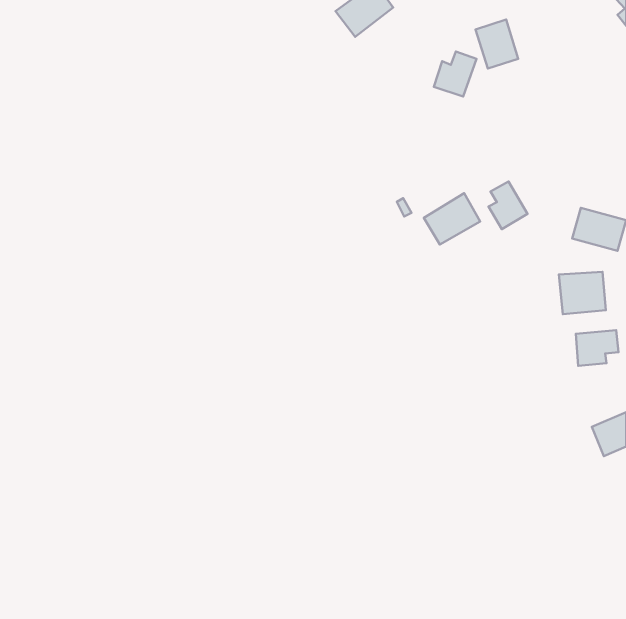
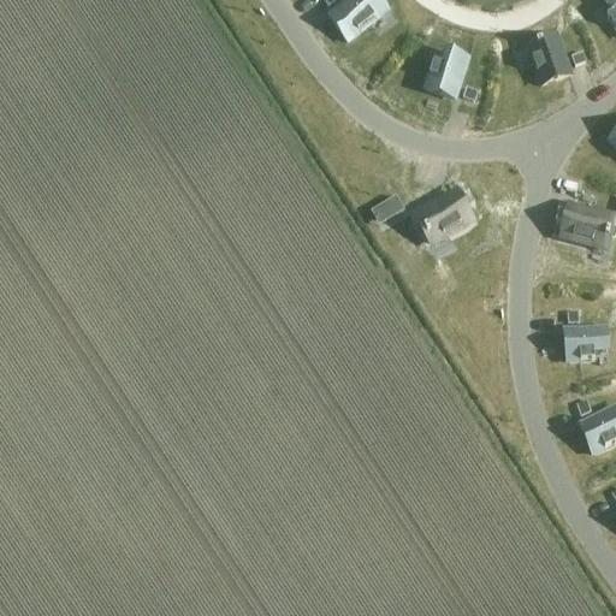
building: [475,20,518,68] -> [526,34,568,82]
building: [489,181,527,229] -> none
building: [559,272,606,314] -> none

